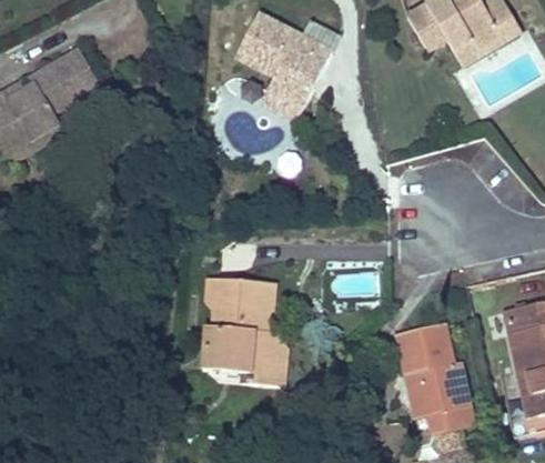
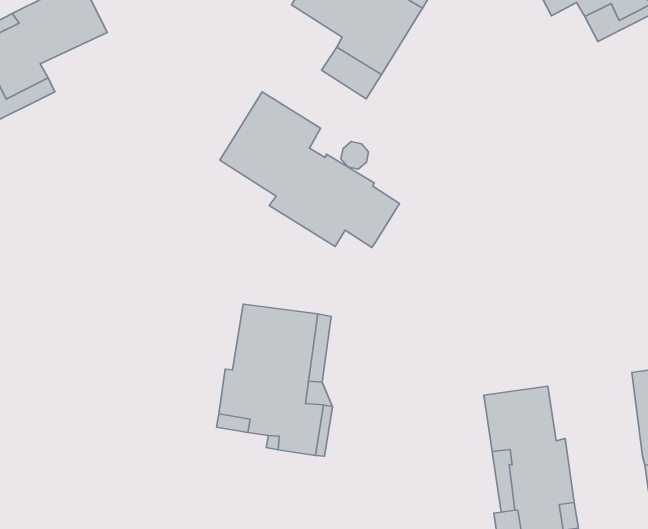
building: none -> [220,92,399,247]

